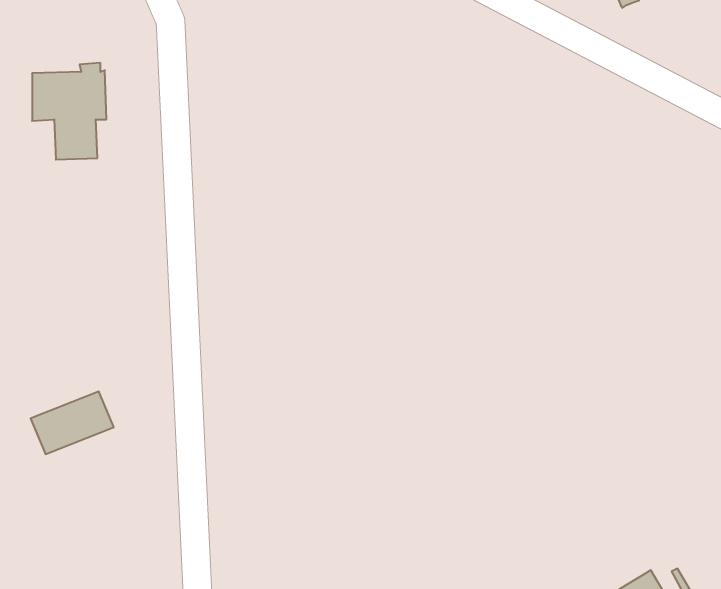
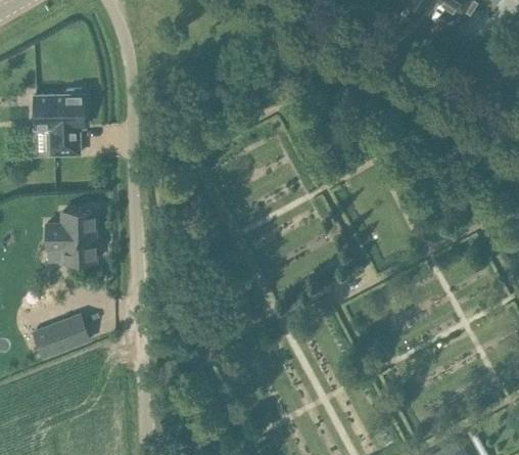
building: none -> [46,213,96,264]

